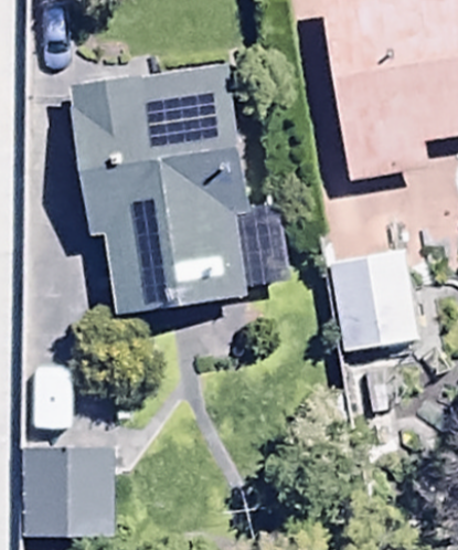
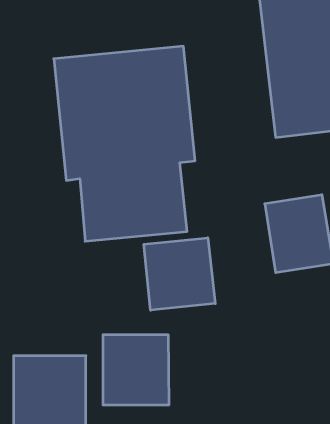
building: none -> [144,238,215,310]
building: none -> [103,335,169,405]

